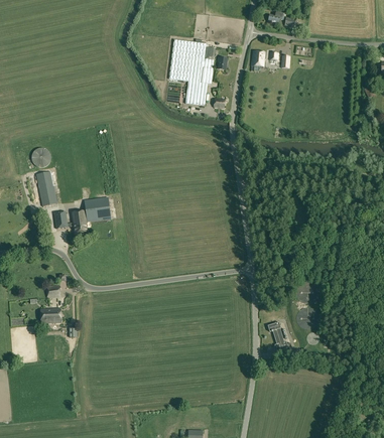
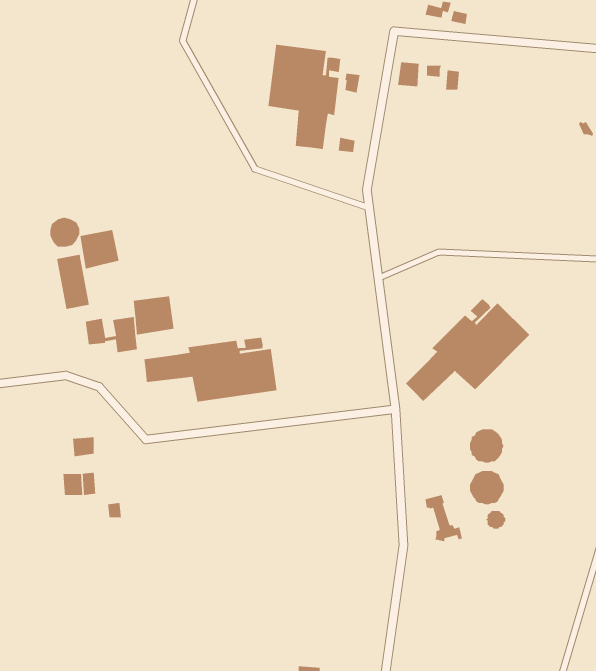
building: none -> [80,229,119,269]
building: none -> [405,298,530,402]
building: none -> [143,337,278,403]

